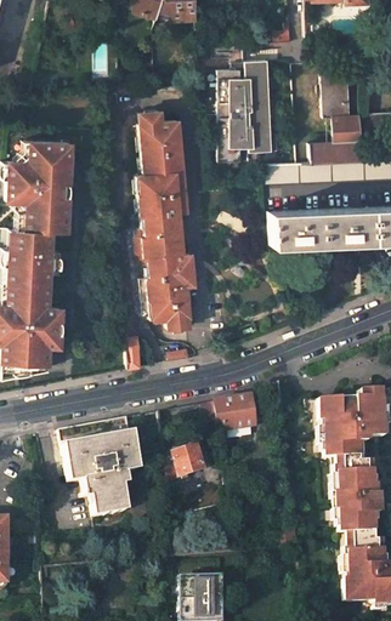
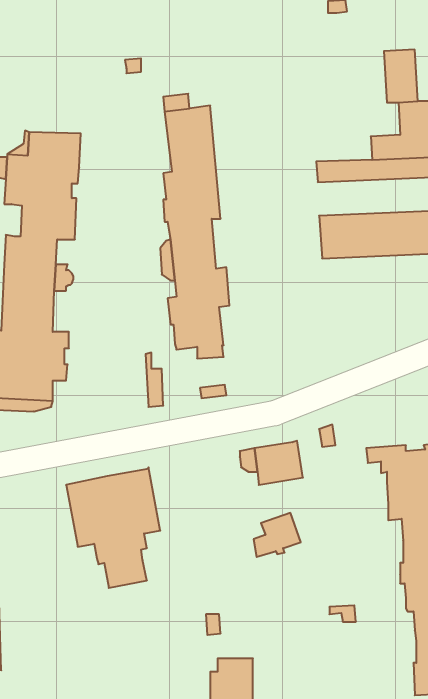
building: [220,58,274,153] -> none
building: [166,445,205,482] -> [254,513,301,557]

